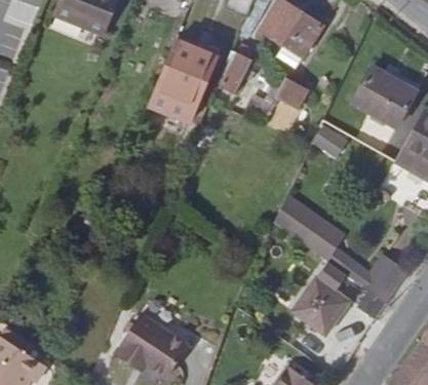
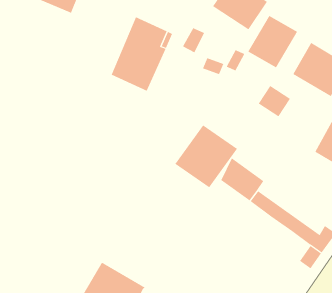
building: none -> [247,15,298,68]
building: none -> [175,125,238,188]
building: [295,265,353,336] -> none

